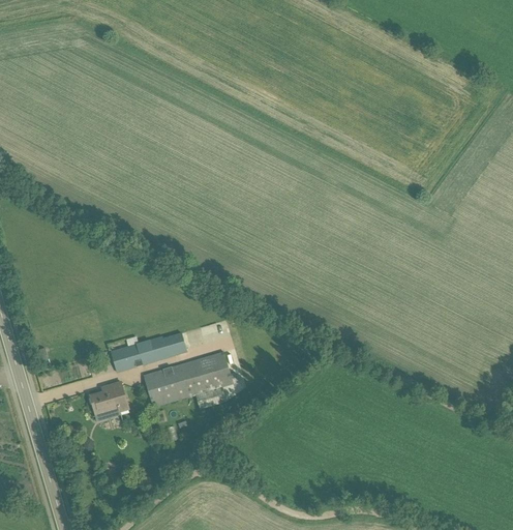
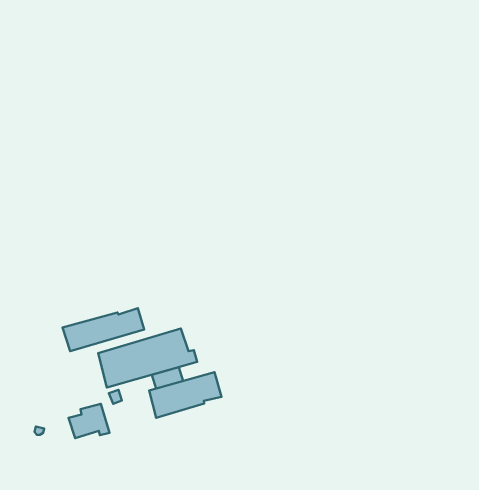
building: [89,382,128,415] -> [69,404,109,438]
building: none -> [149,372,221,418]

